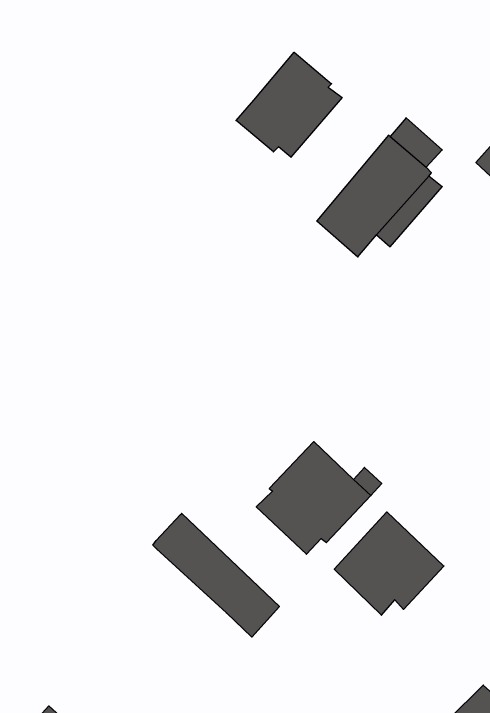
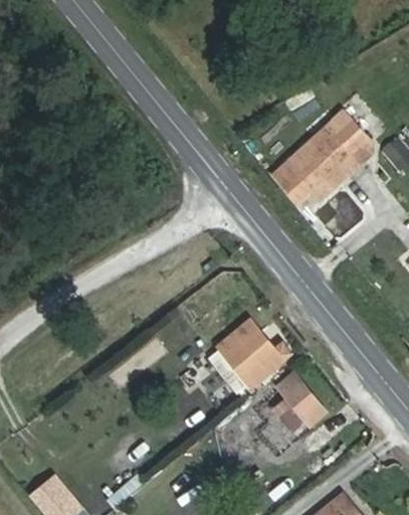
building: [236,52,342,157] -> none
building: [153,513,279,637] -> none

